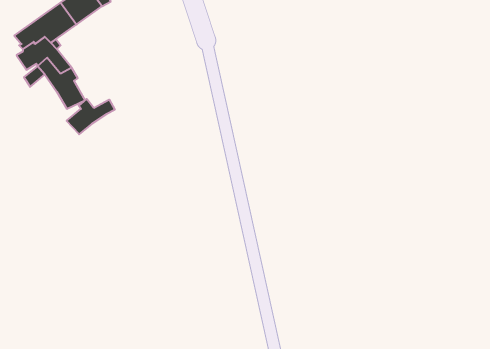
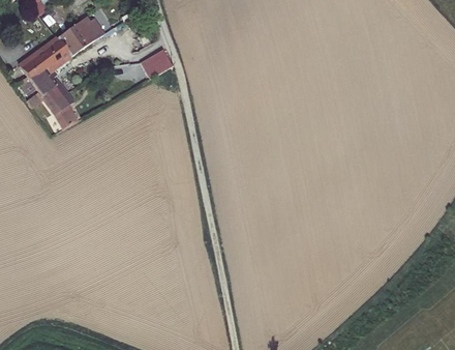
building: none -> [141,49,173,78]
building: [67,99,115,134] -> none

